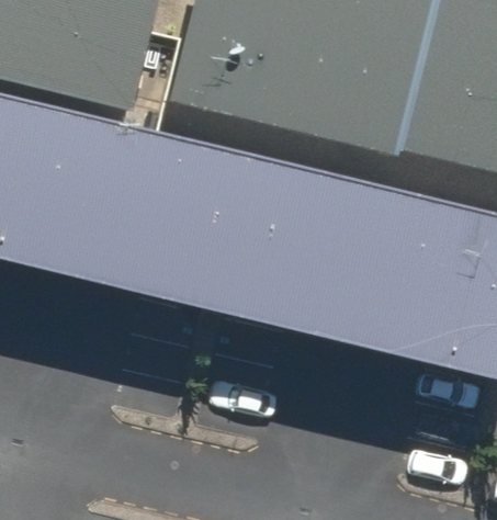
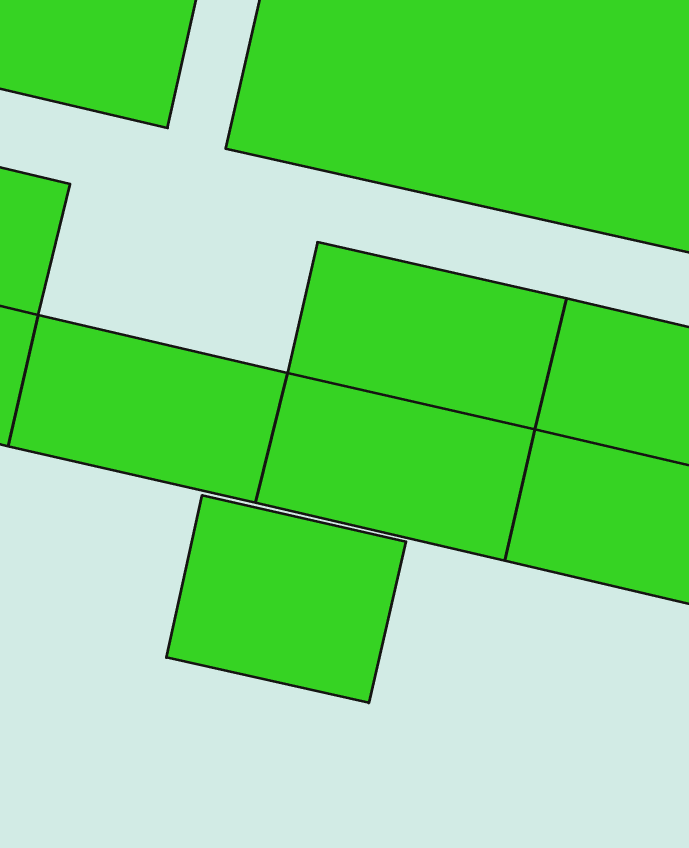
building: [69,124,233,235] -> none
building: none -> [166,495,406,703]

